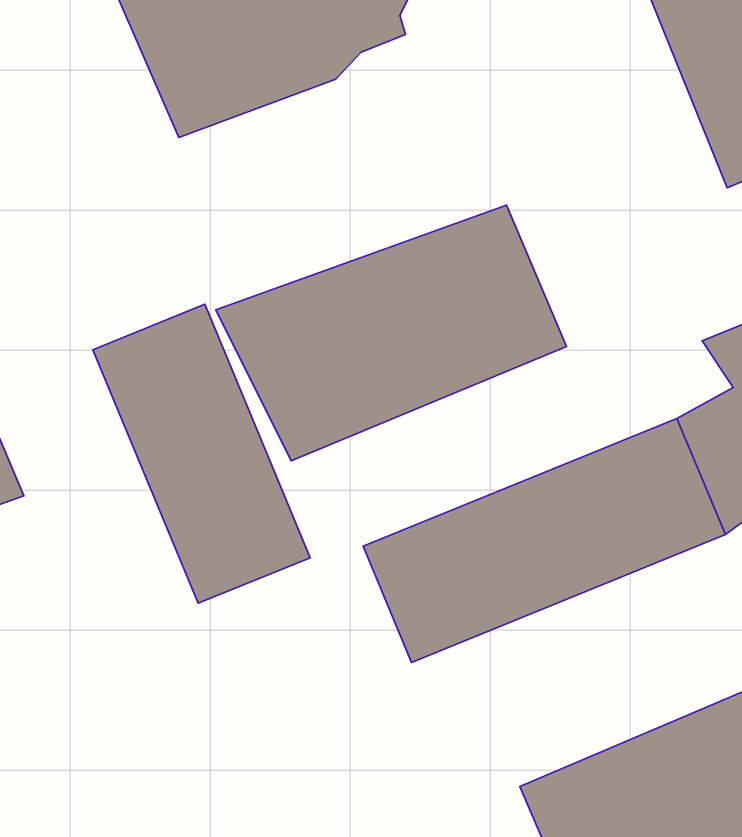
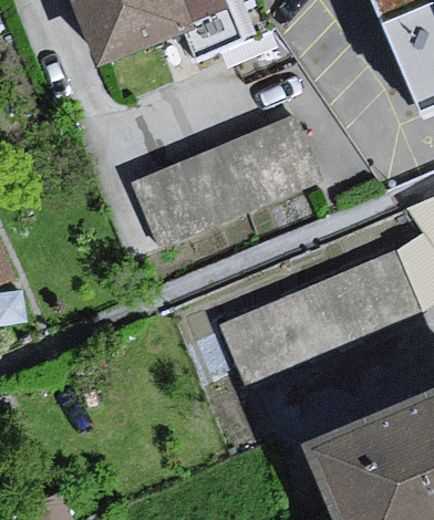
building: [93,304,310,603] -> none

